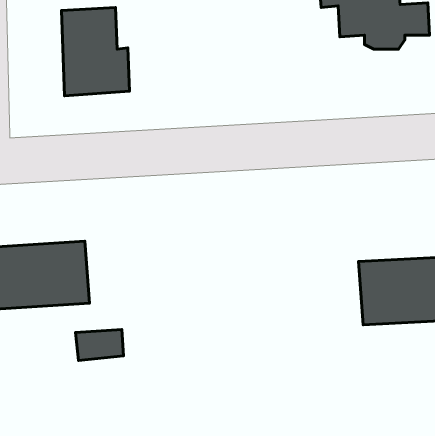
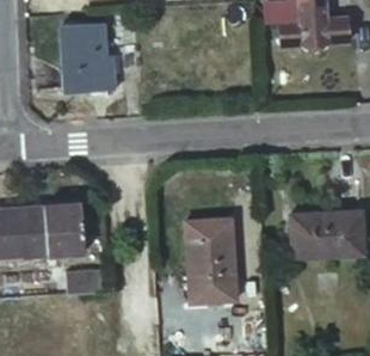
building: none -> [190,216,236,299]

